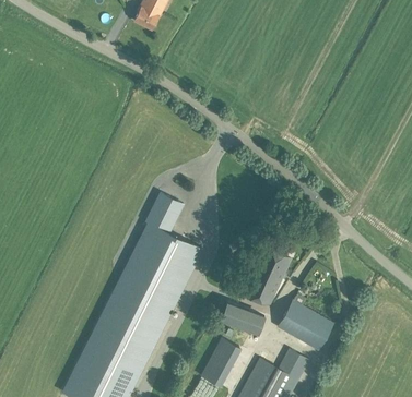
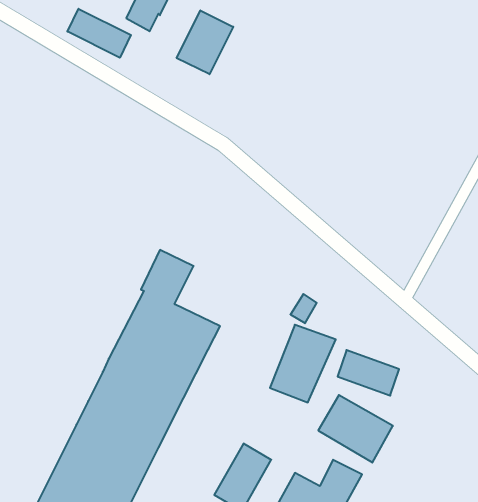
building: none -> [67,9,131,58]
building: none -> [177,10,233,74]
building: [220,304,266,338] -> [338,350,399,396]

